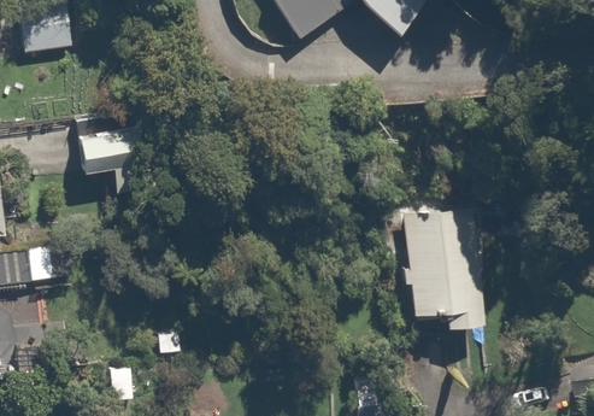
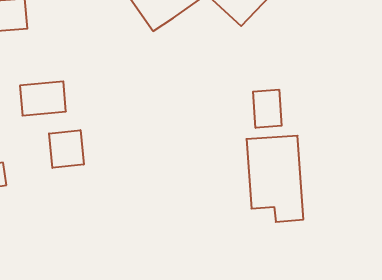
building: none -> [253,90,282,128]
building: none -> [49,130,84,168]

